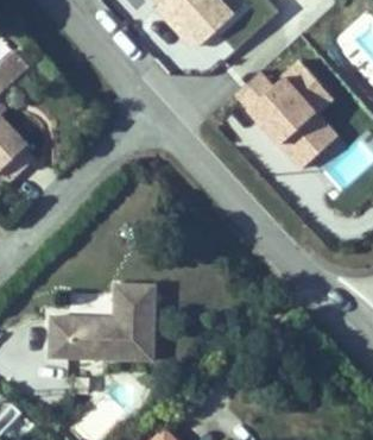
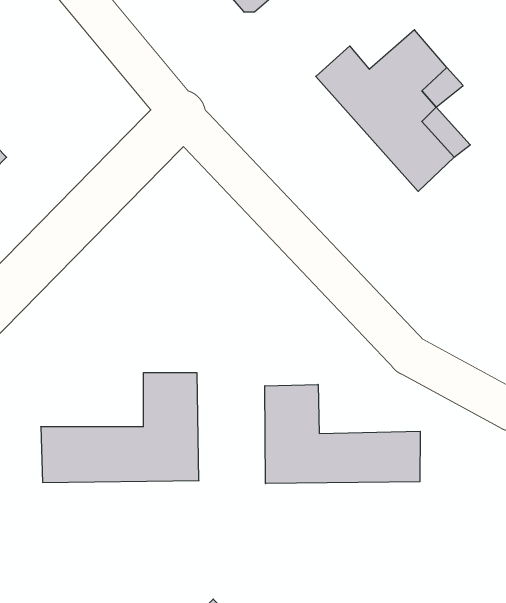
building: none -> [265,384,420,484]

